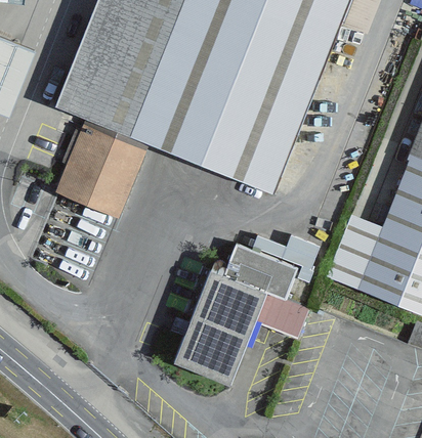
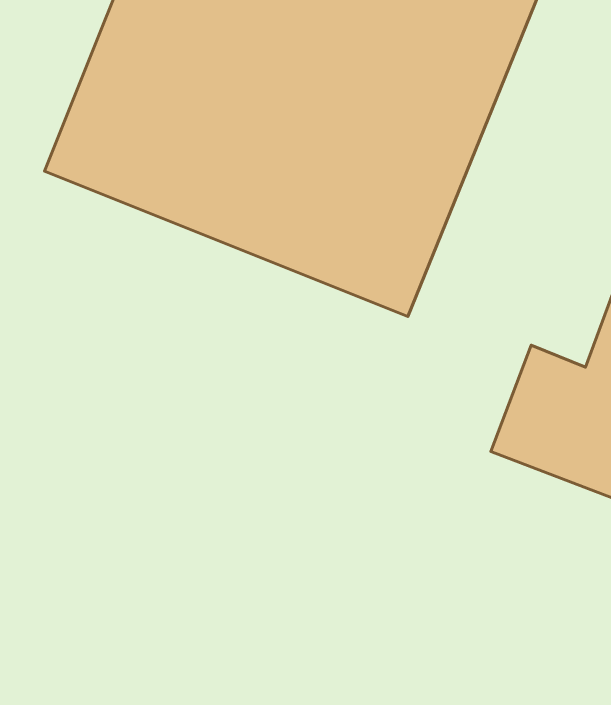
building: [53,124,139,214] -> none
building: [173,244,308,384] -> none

